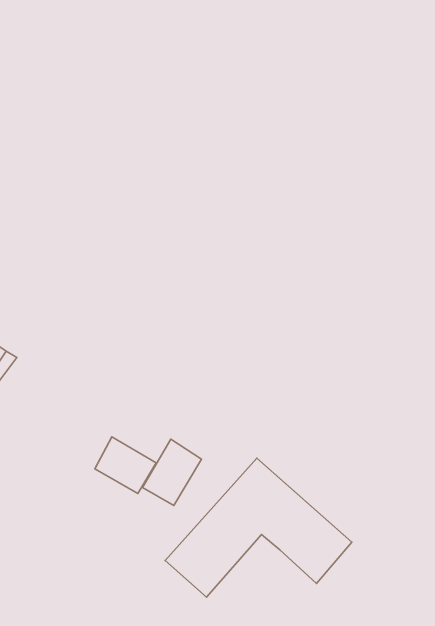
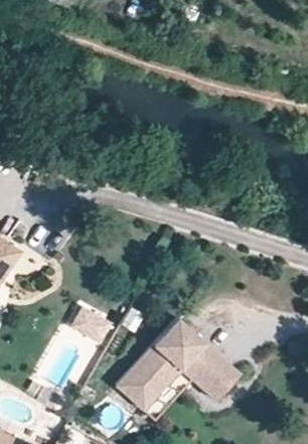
building: [142,439,201,506] -> none

